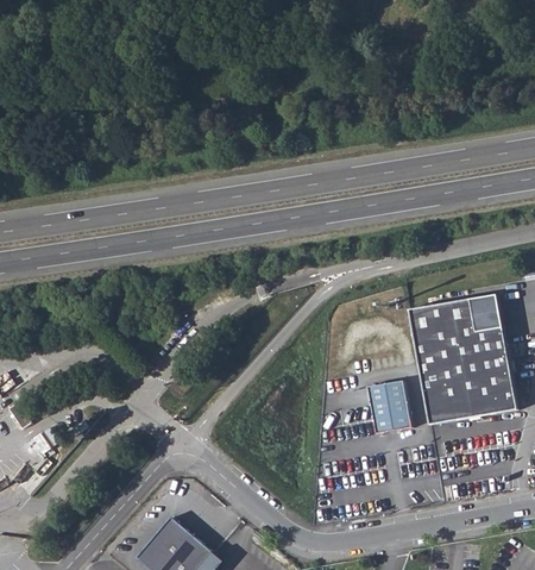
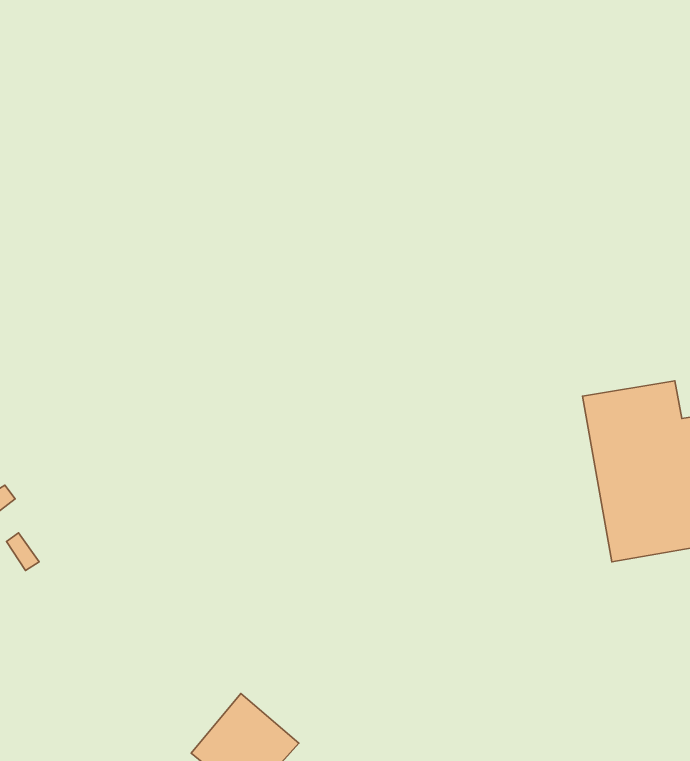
building: [371,382,415,433] -> none

